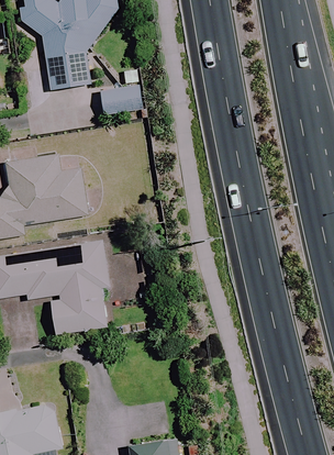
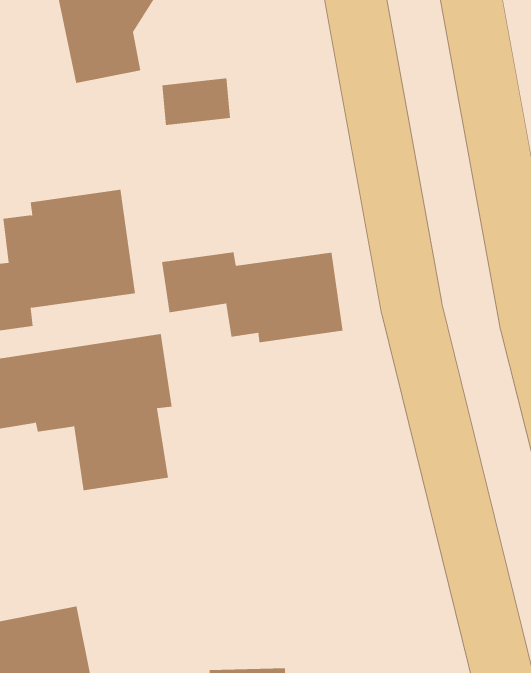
building: none -> [162,251,343,343]

